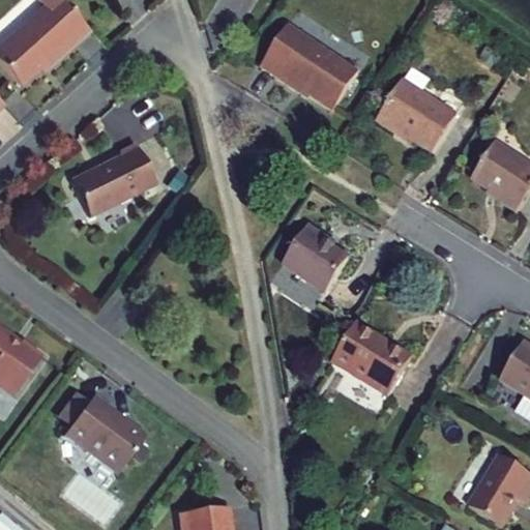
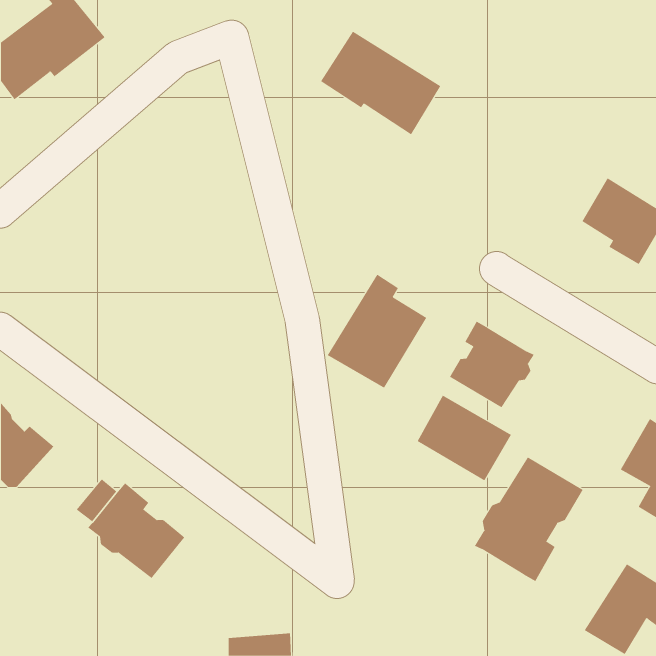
building: [371,83,453,157] -> none
building: [63,145,148,216] -> none
building: none -> [449,321,534,408]
building: none -> [474,457,583,582]

